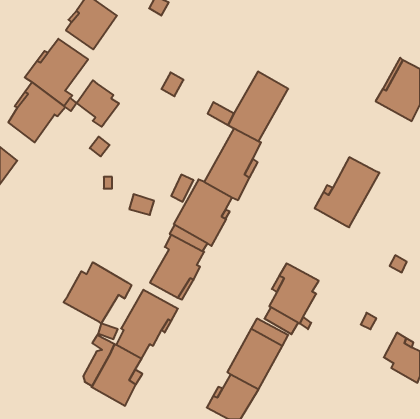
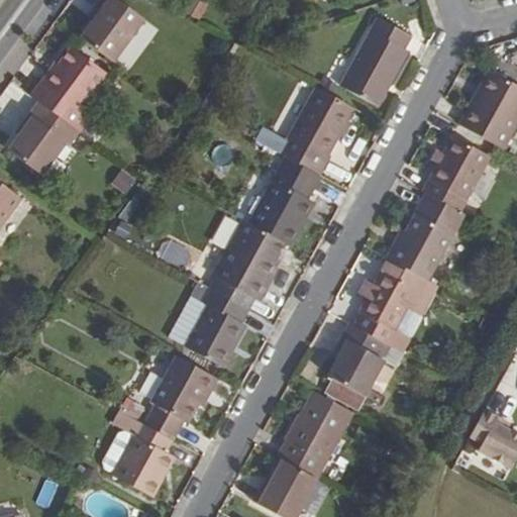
building: none -> [340,18,410,106]
building: [77,80,119,127] -> none
building: none -> [424,136,491,210]
building: none -> [355,257,426,345]
building: [64,262,131,324] -> none

